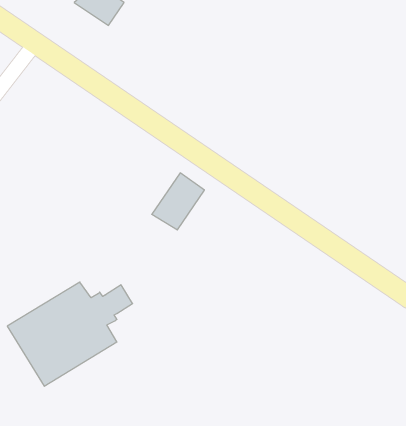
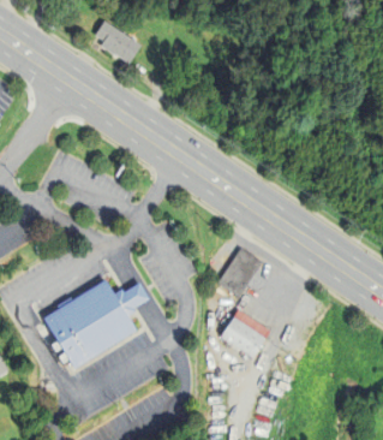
building: [152,173,204,230] -> [217,248,262,296]
building: none -> [221,309,271,357]

